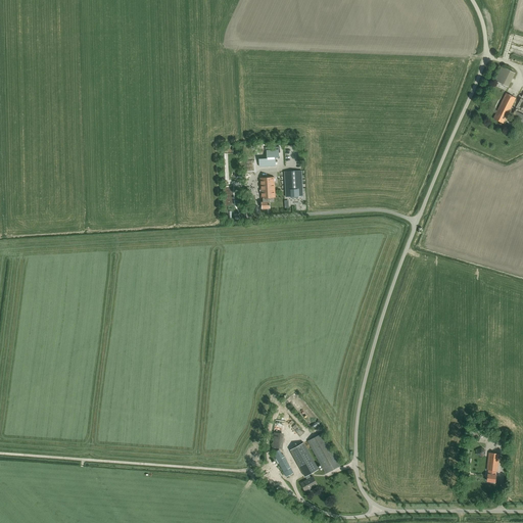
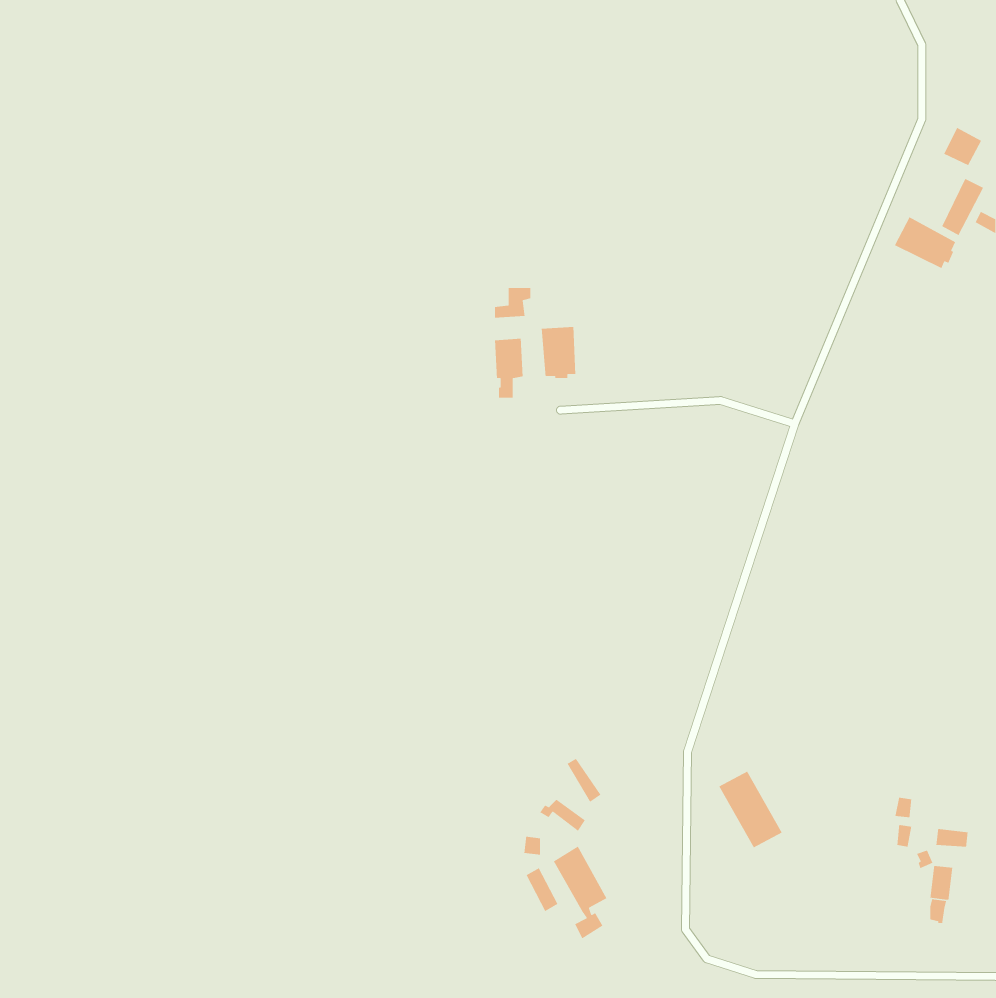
building: none -> [894,216,956,269]
building: [306,433,340,474] -> [718,770,783,849]

